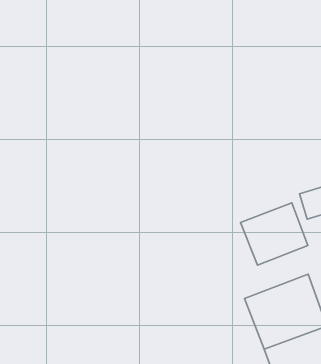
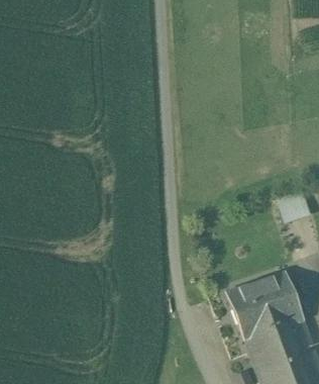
building: [240,203,308,265] -> none

